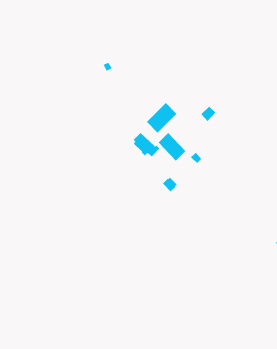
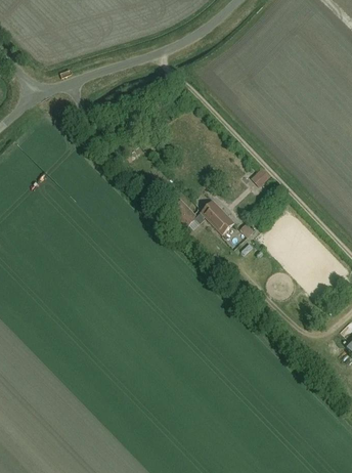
building: [146,102,177,134] -> none

